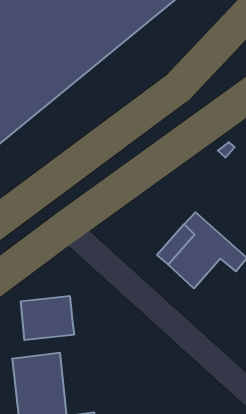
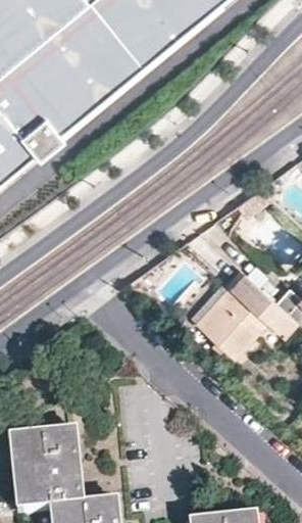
building: [21,296,74,340] -> none

